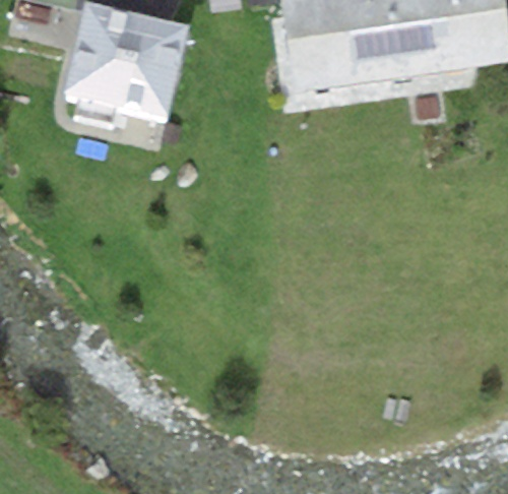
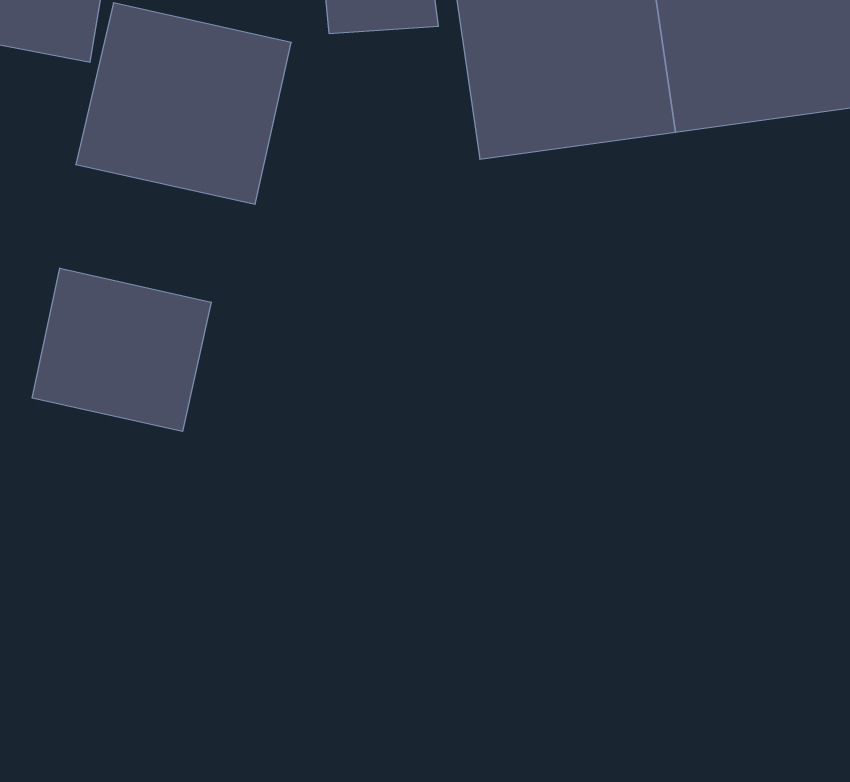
building: none -> [32,268,211,431]

